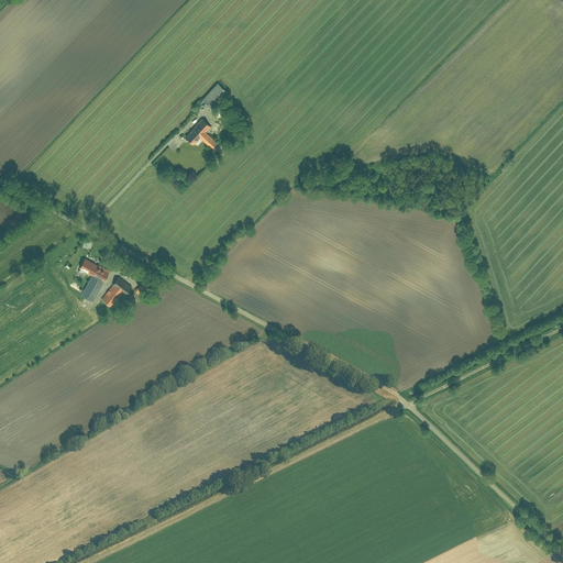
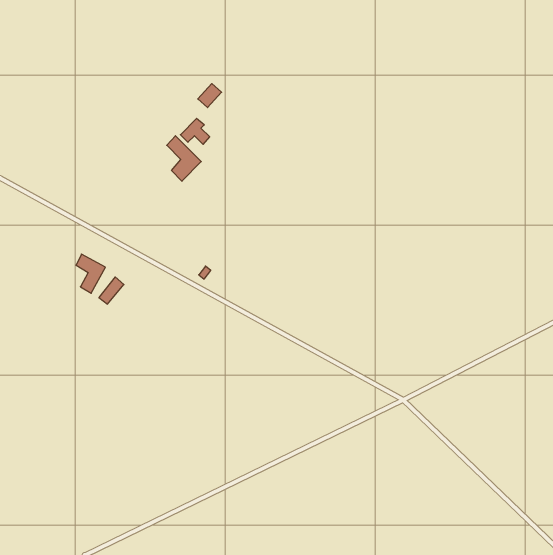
building: none -> [167,136,201,181]

